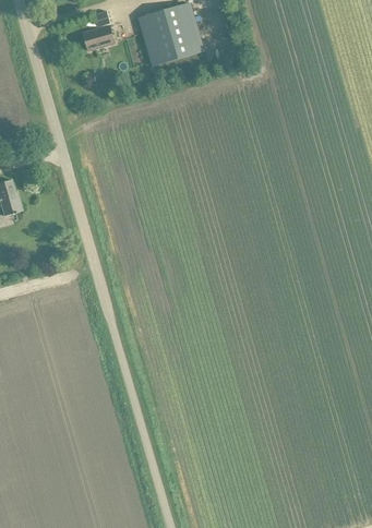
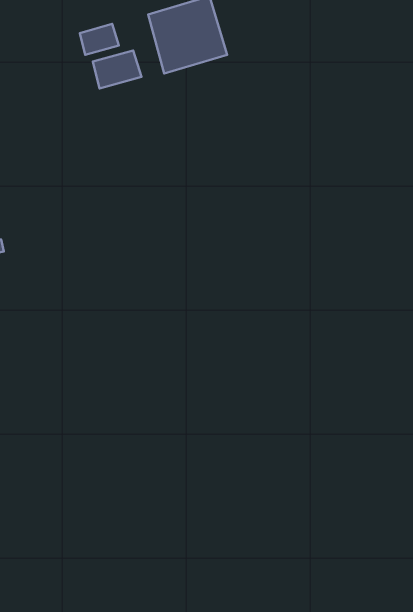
building: none -> [93,50,141,88]

